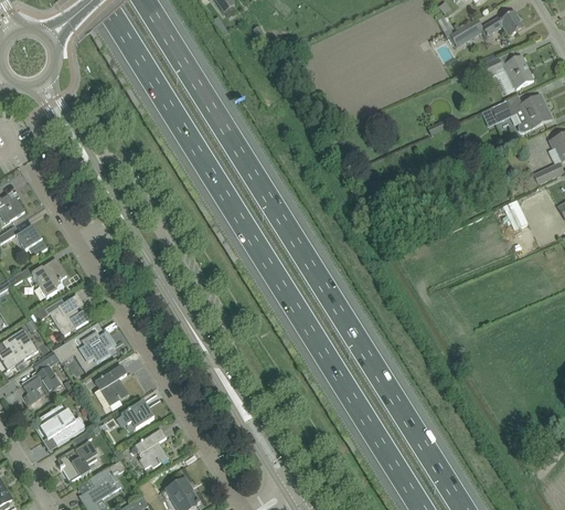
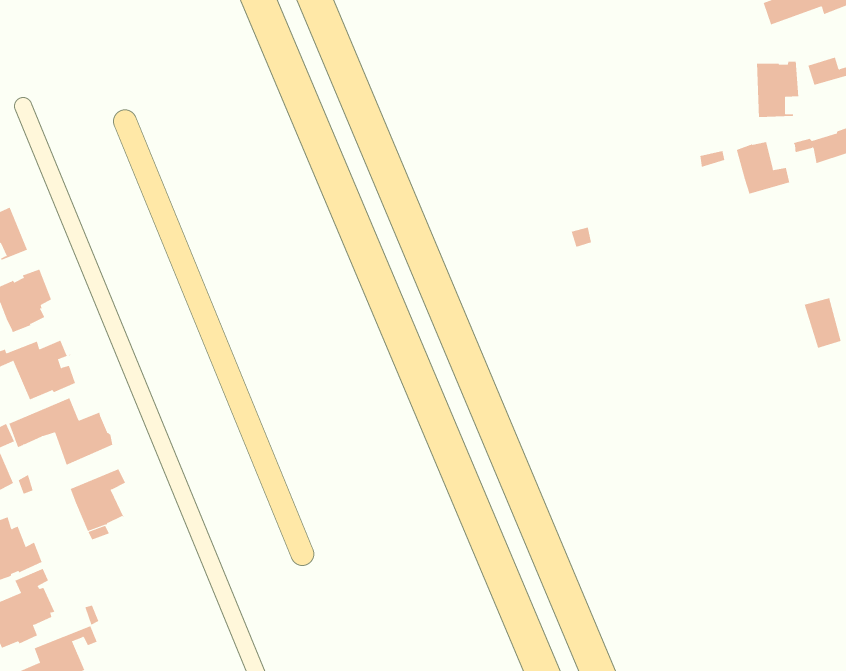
building: none -> [756,61,799,118]
building: none -> [736,140,790,195]
building: [120,400,152,426] -> none
building: [134,428,167,468] -> none

